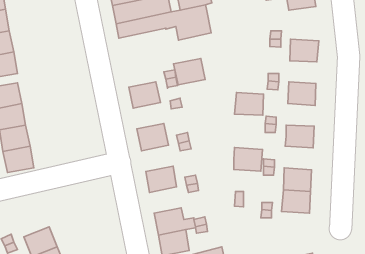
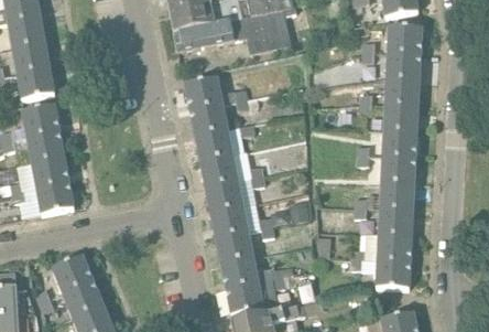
building: none -> [387,23,422,52]
building: [174,59,205,85] -> [184,76,222,108]
building: none -> [384,76,419,104]
building: [235,92,264,115] -> [381,128,416,156]
building: none -> [195,127,232,159]
building: none -> [205,179,243,211]
building: [234,148,263,171] -> [379,180,414,208]
building: none -> [215,229,253,261]
building: none -> [52,254,93,290]
building: none -> [374,259,410,287]

